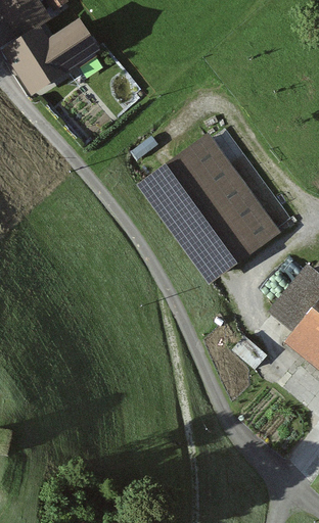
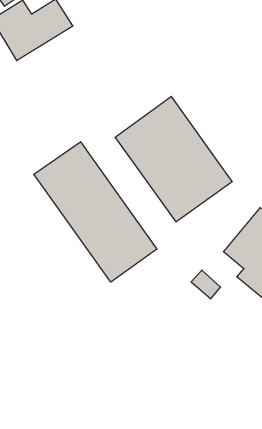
building: none -> [34,142,157,282]

